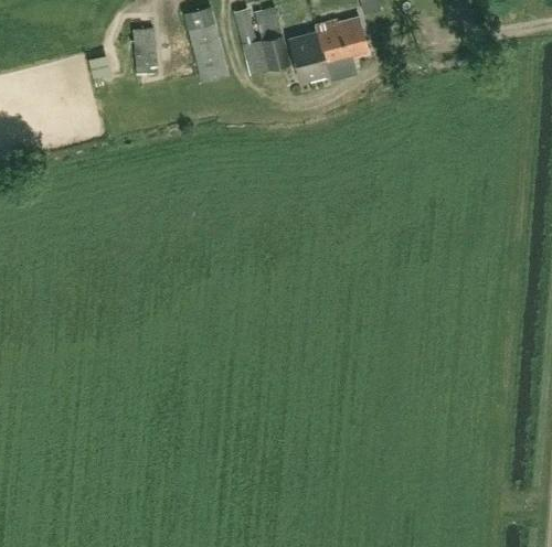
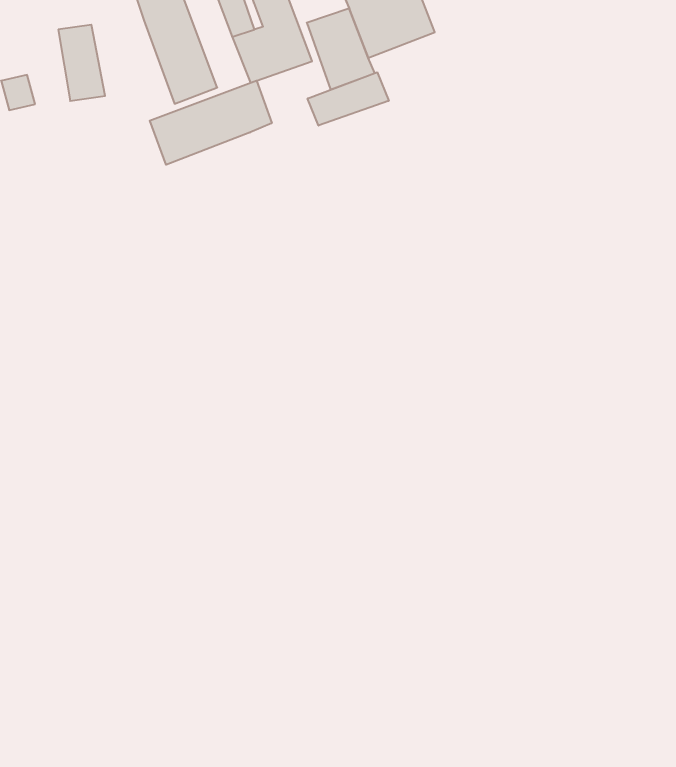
building: none -> [150,81,272,165]
building: none -> [308,72,389,126]

